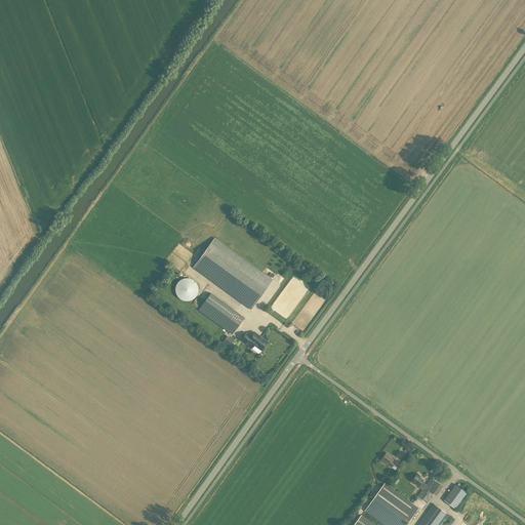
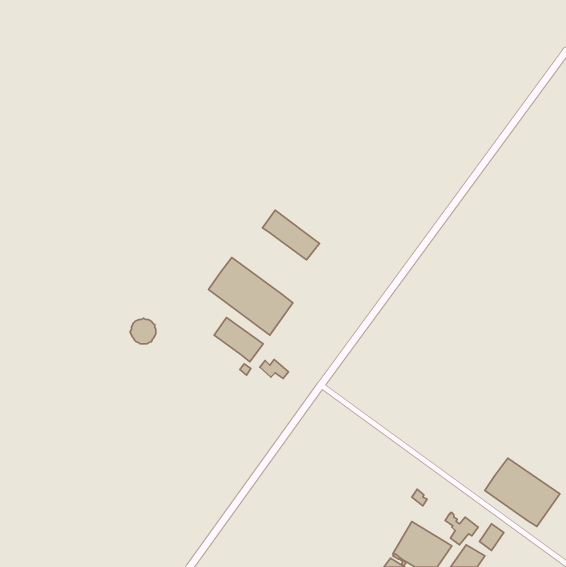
building: none -> [263,210,320,260]
building: [173,278,197,301] -> [130,318,156,344]
building: none -> [485,458,560,527]

